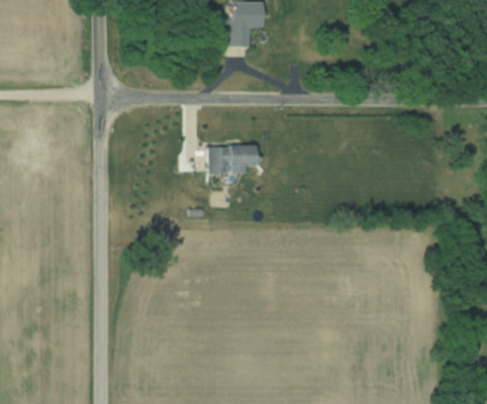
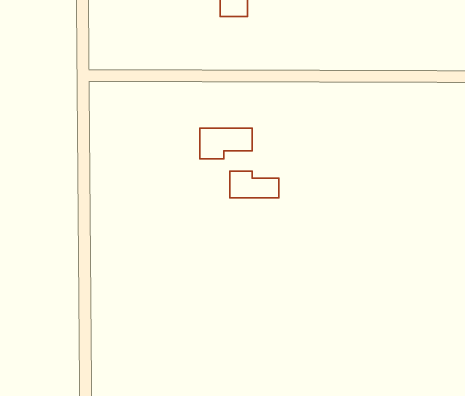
building: none -> [230,171,279,198]

